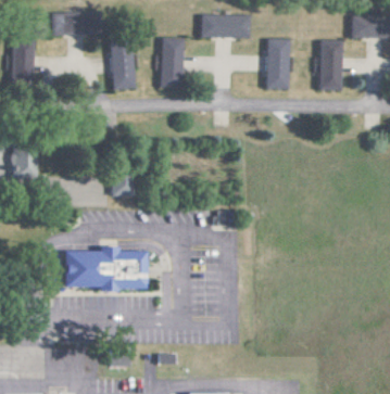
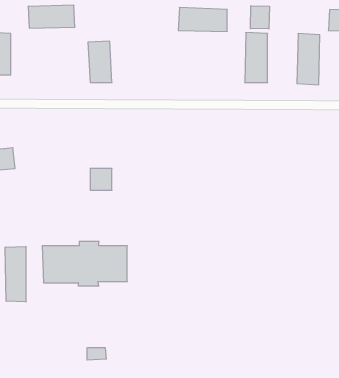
building: none -> [250,6,269,29]
building: [161,37,184,86] -> none
building: none -> [5,246,26,302]

